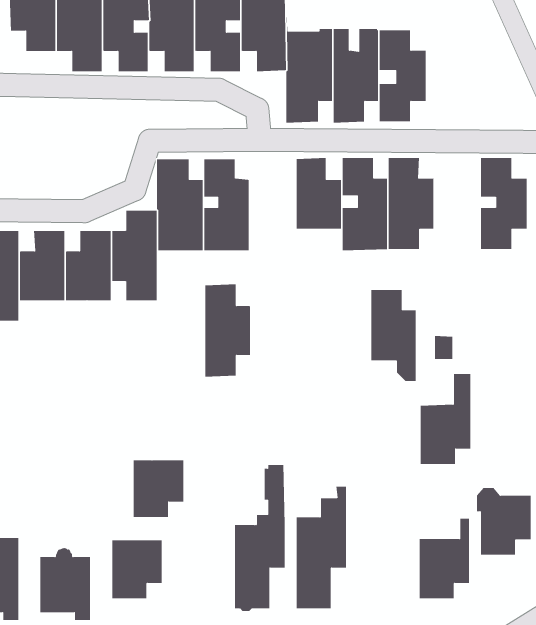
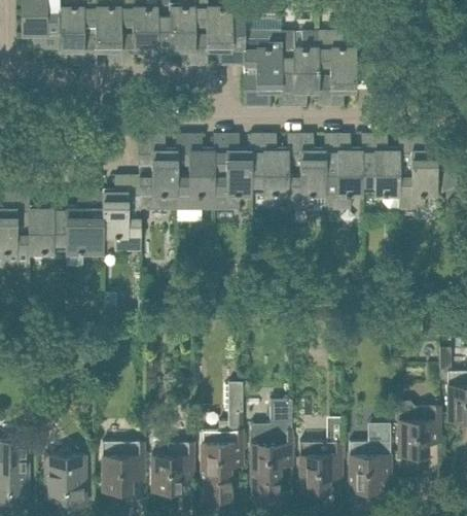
building: [205,284,251,377] -> [214,135,251,210]
building: [370,289,417,381] -> [362,135,399,209]
building: [420,374,471,464] -> [300,417,342,490]
building: [133,460,184,517] -> [152,444,193,490]

